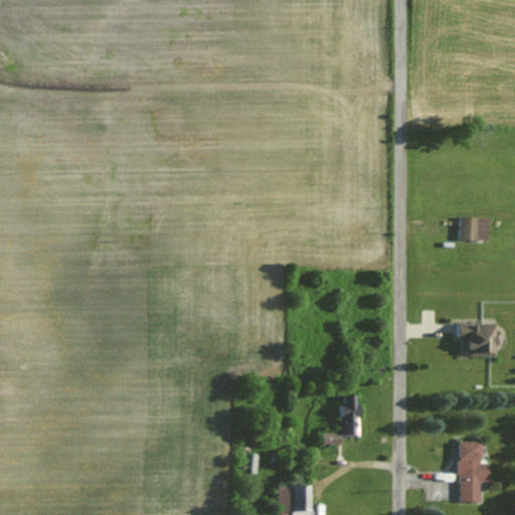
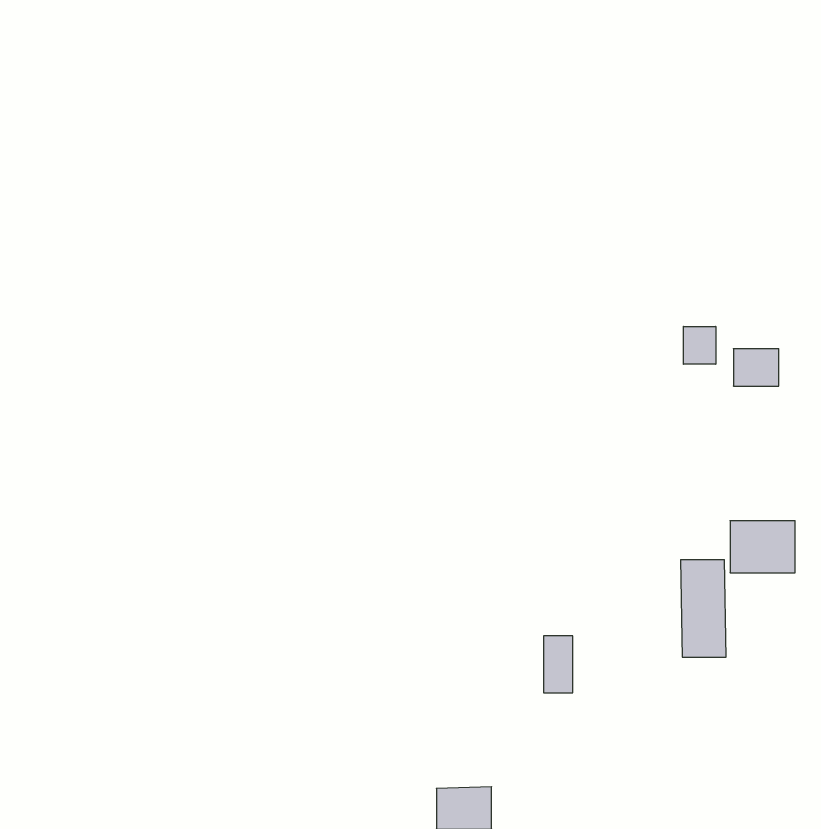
building: none -> [683,326,716,364]
building: [457,442,485,502] -> [681,560,726,657]

